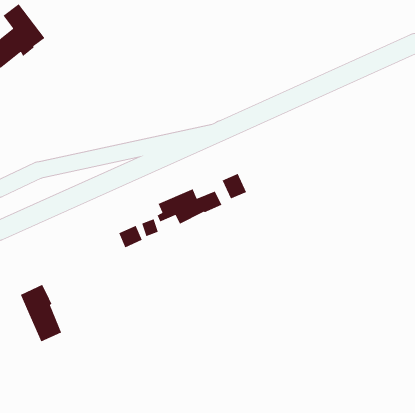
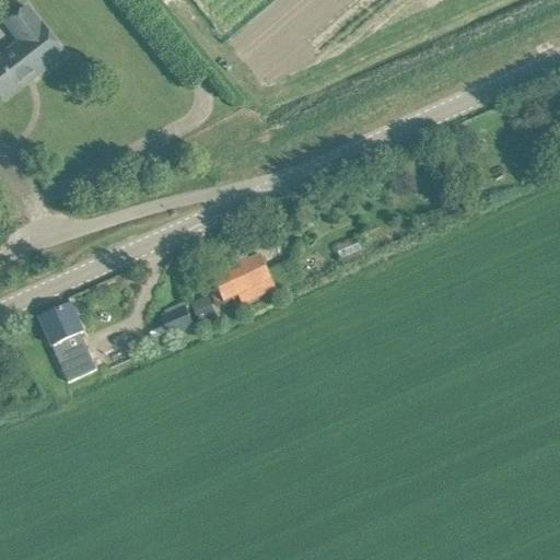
building: [222,173,247,200] -> none
building: [20,284,62,343] -> [37,301,94,380]

